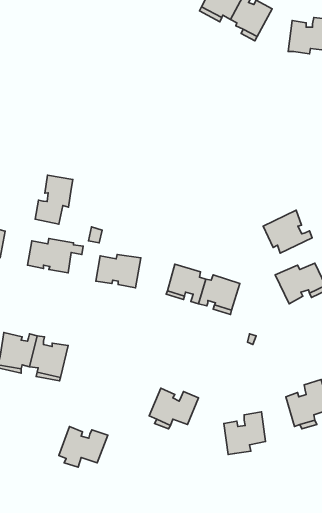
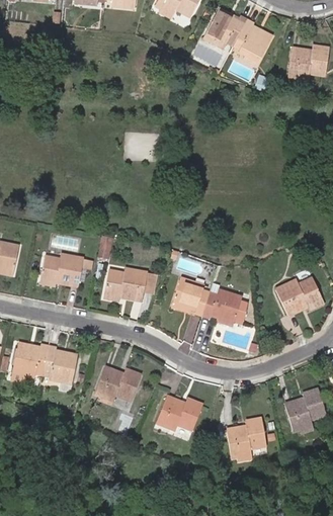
building: [35,175,73,224] -> none
building: [263,210,312,253] -> none
building: [59,427,108,467] -> [95,365,142,404]

